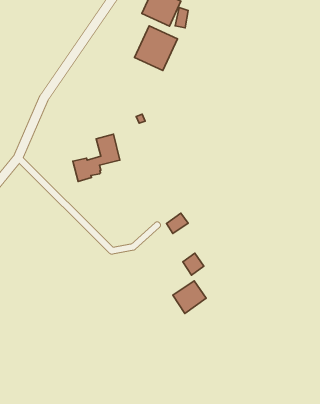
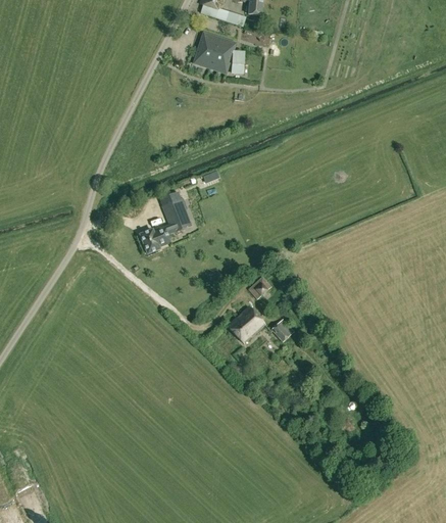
building: [134,26,177,70] -> none
building: [173,281,206,313] -> [229,304,265,341]

